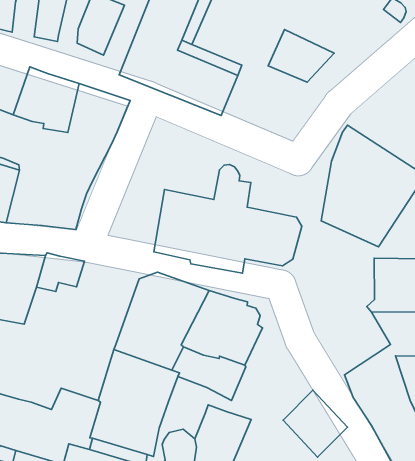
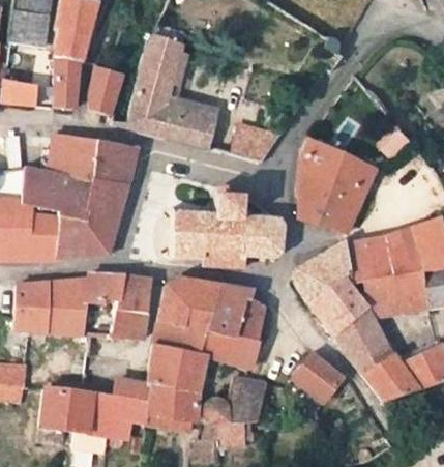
building: [268,30,334,82] -> [232,123,282,162]
building: none -> [294,241,367,338]
building: none -> [111,278,151,337]

